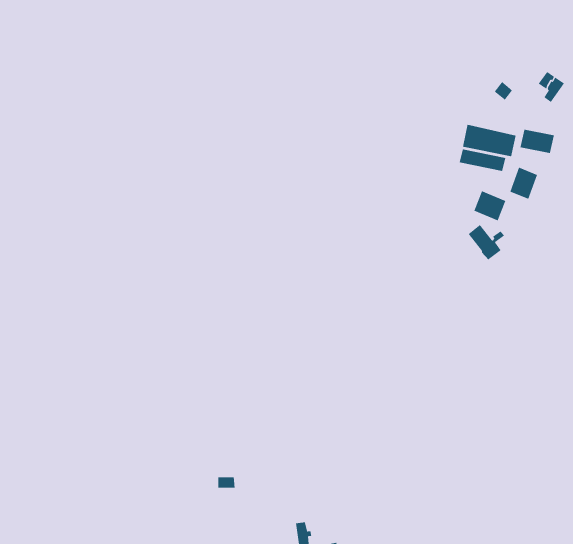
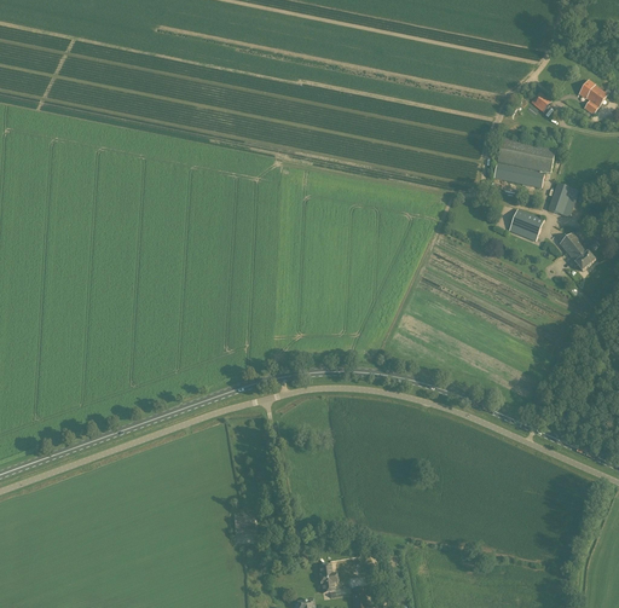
building: [520,129,555,154] -> none
building: [468,224,505,260] -> [560,232,600,271]

